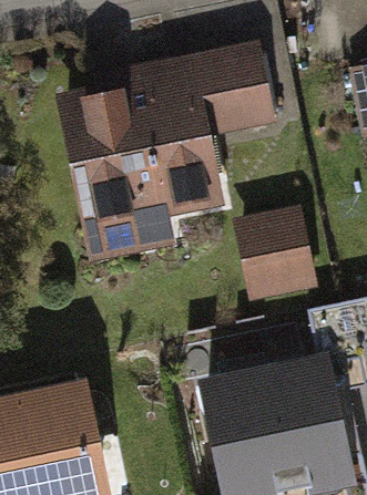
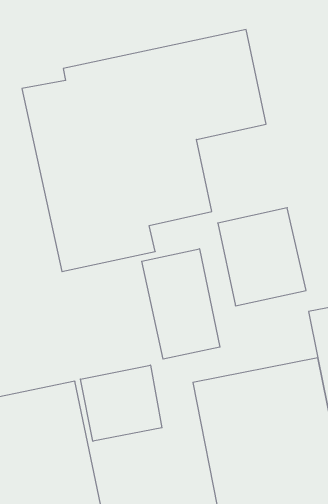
building: none -> [142,249,220,359]
building: none -> [80,365,162,441]

